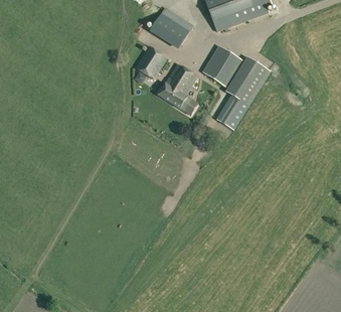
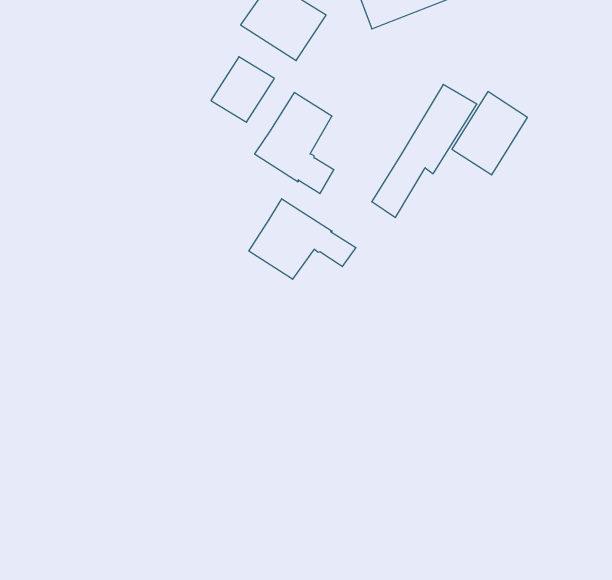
building: [202,44,240,87] -> [452,92,527,175]
building: none -> [249,199,356,279]

